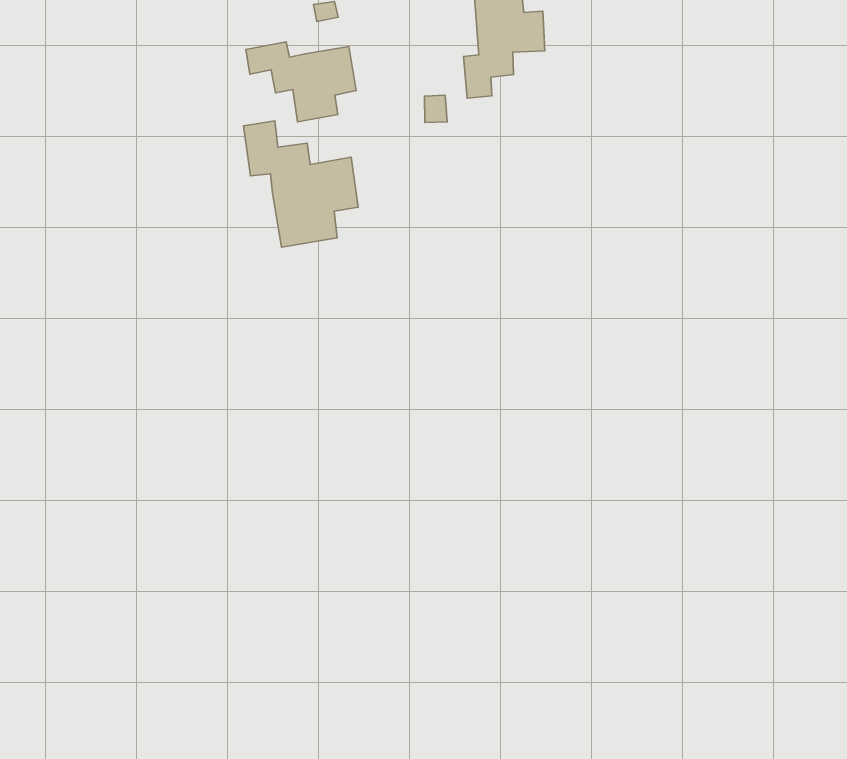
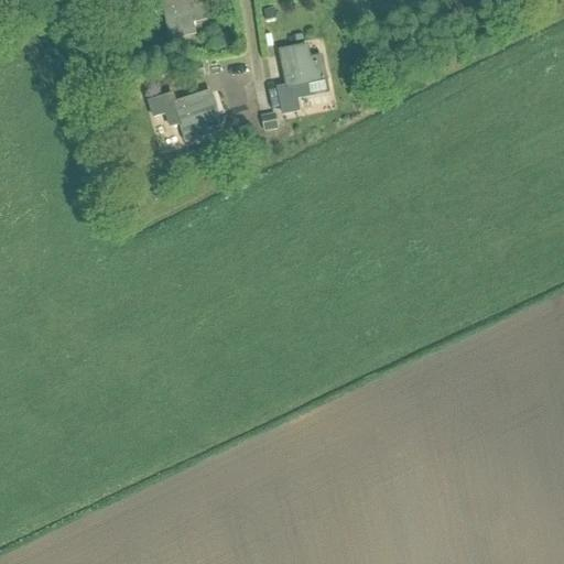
building: [244,121,358,247] -> none

